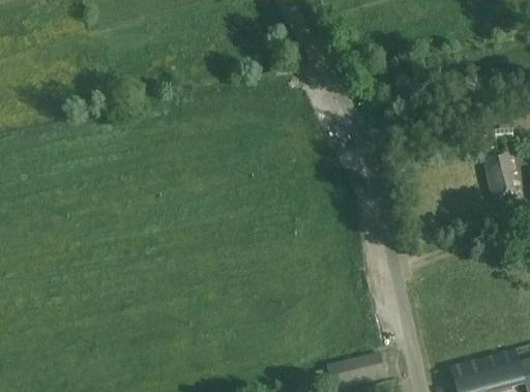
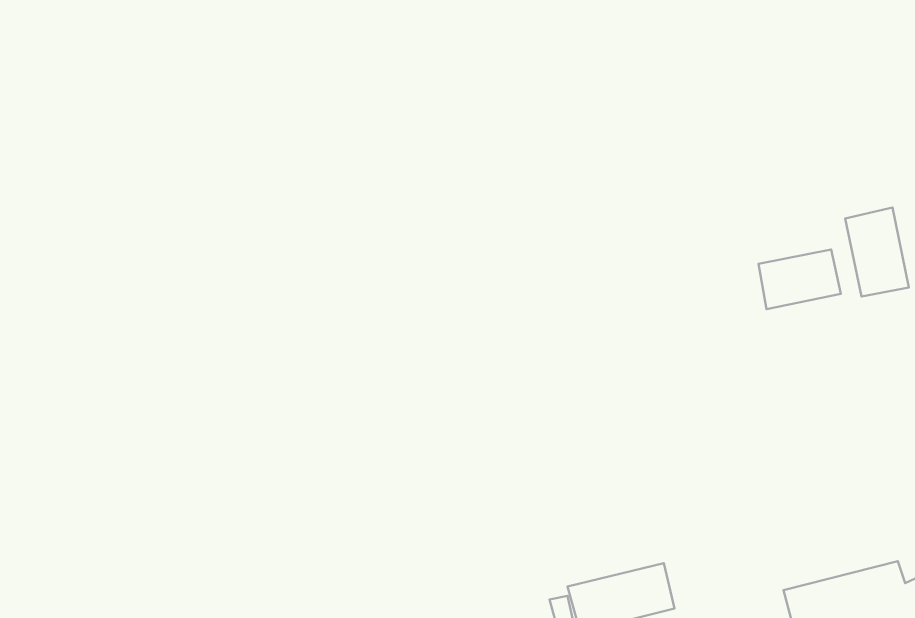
building: none -> [759,249,841,309]

